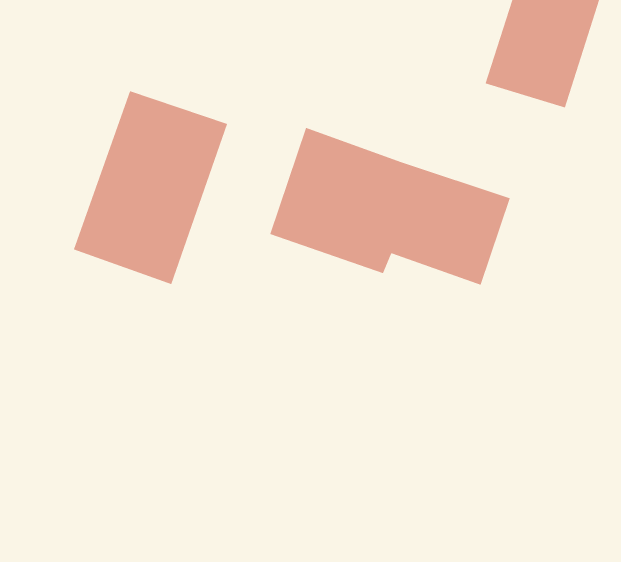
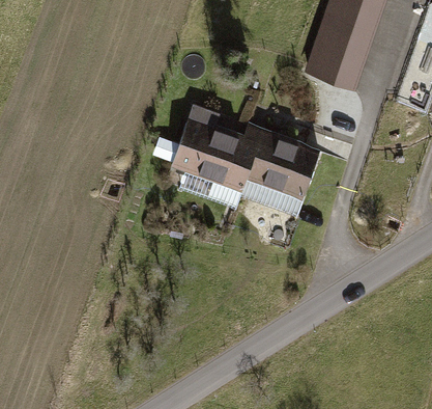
building: [73,90,228,285] -> none

